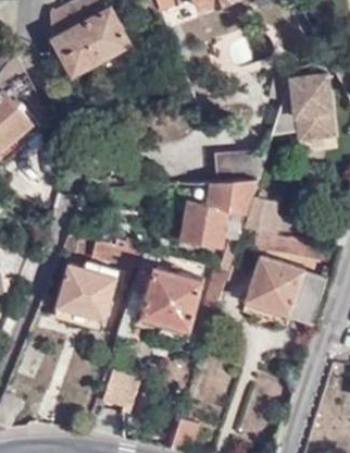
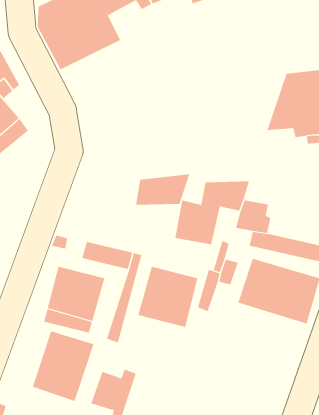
building: [211,155,264,185] -> [135,174,190,205]
building: none -> [32,330,94,402]

